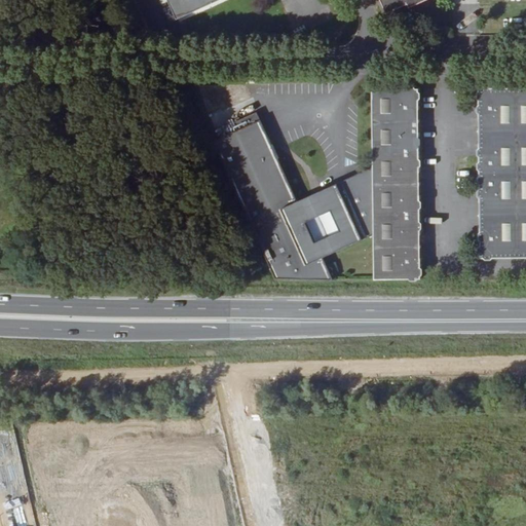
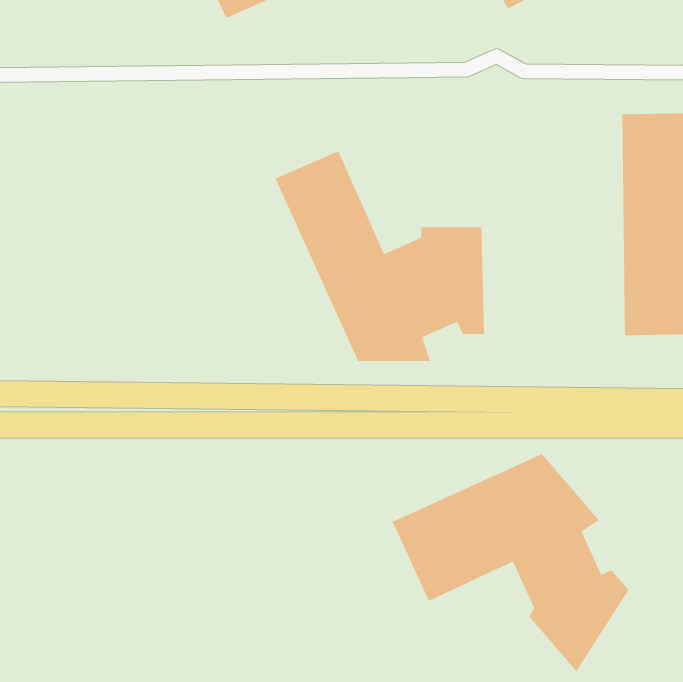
building: [370,88,421,277] -> none
building: none -> [391,453,629,672]

